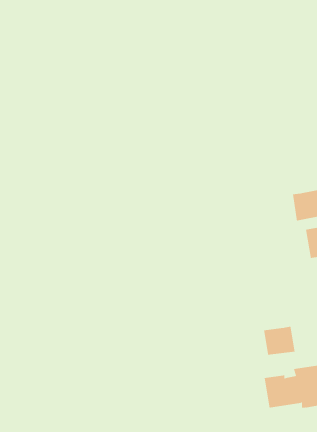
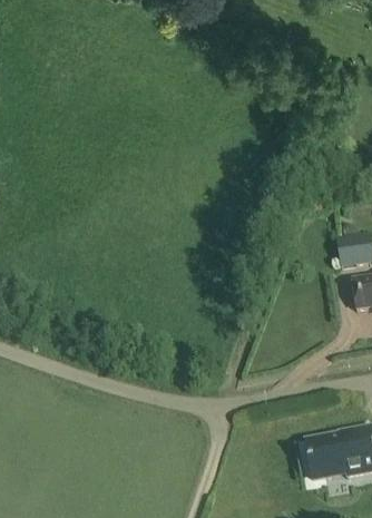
building: [264,326,295,355] -> none

